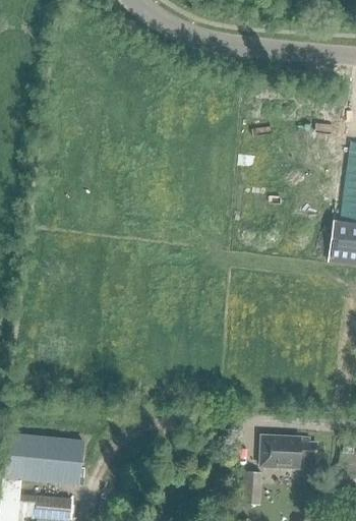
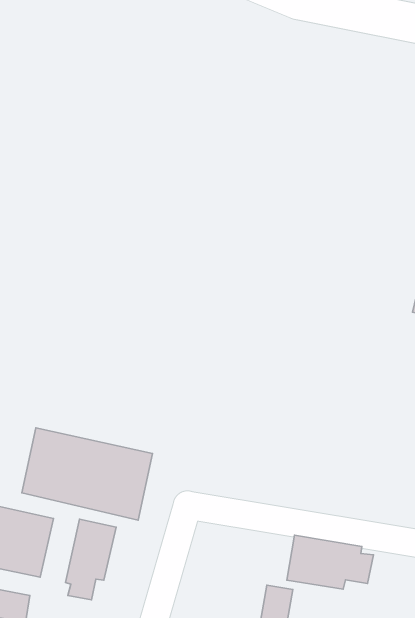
building: none -> [22,428,152,520]
building: none -> [65,519,116,600]

